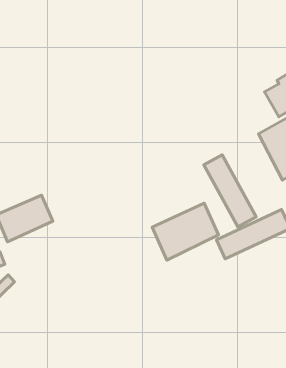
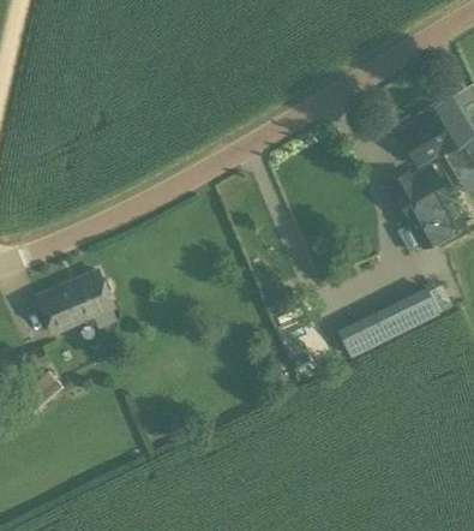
building: [204,155,256,227] -> none
building: [152,203,219,260] -> none

